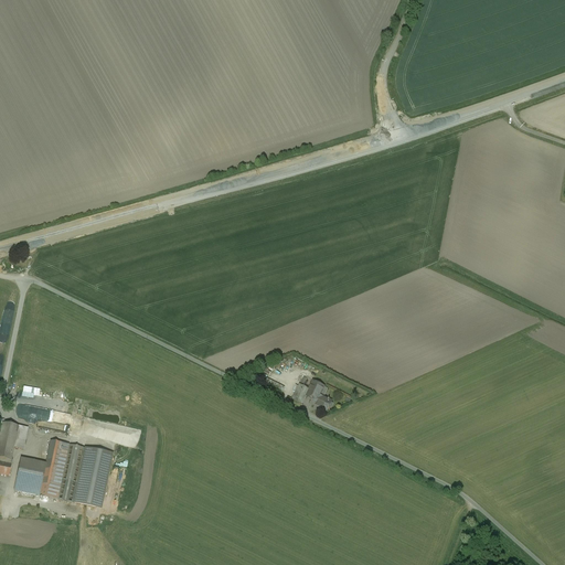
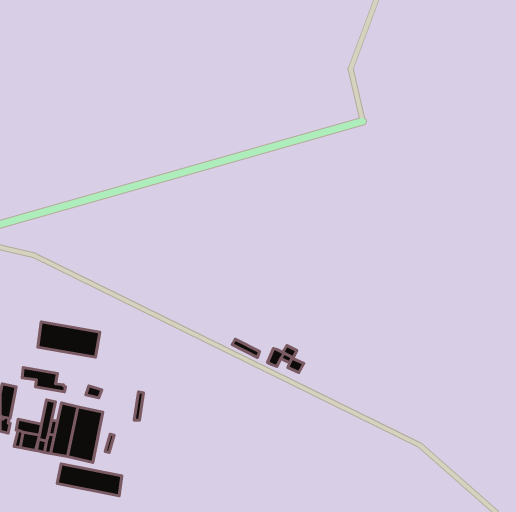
building: none -> [38,322,100,357]
building: none -> [57,464,122,496]

